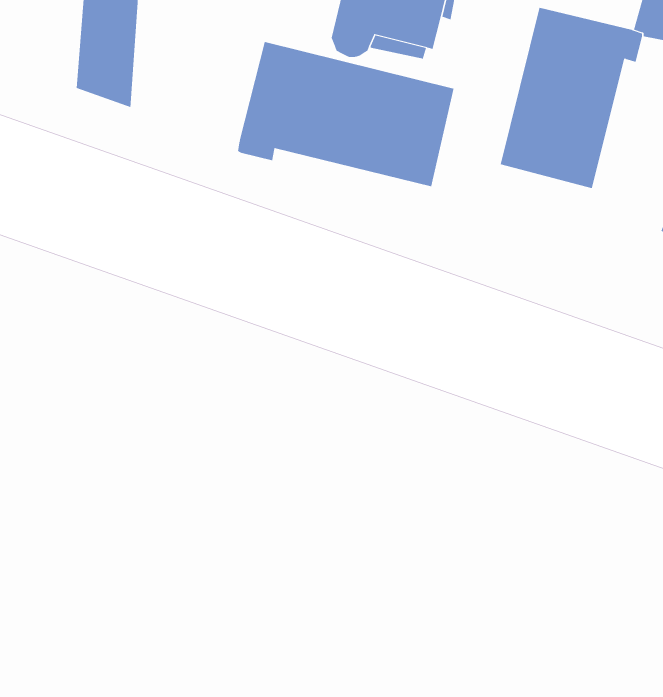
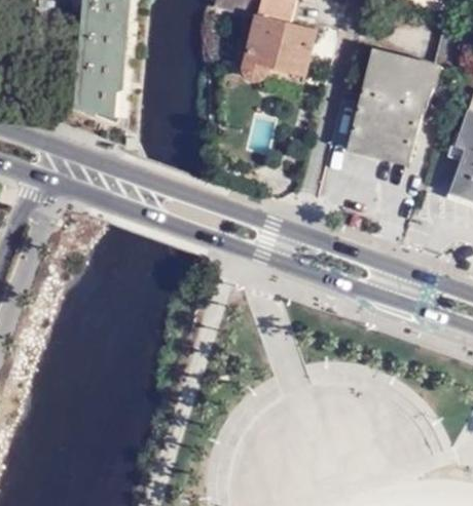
building: [238,41,454,187] -> none

